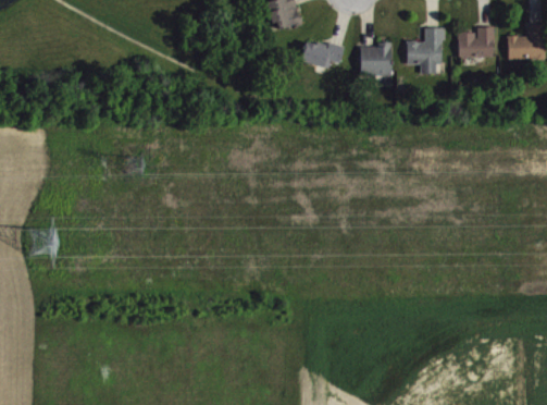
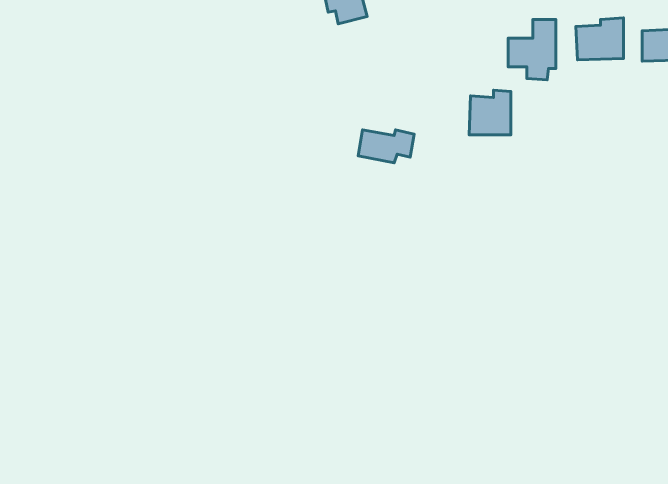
building: [360,41,391,75] -> [469,90,511,135]
building: [301,42,344,68] -> [358,130,414,163]

